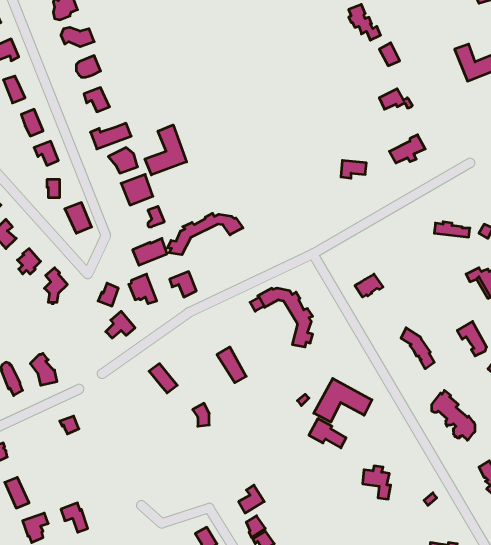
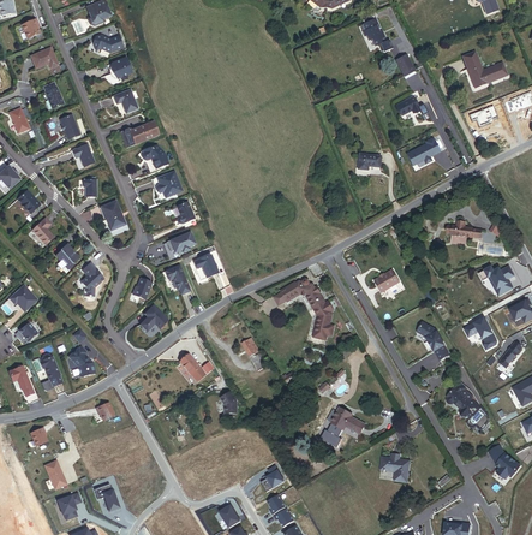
building: [145,125,187,175] -> none
building: [167,213,243,255] -> none
building: [314,378,372,422] -> none

